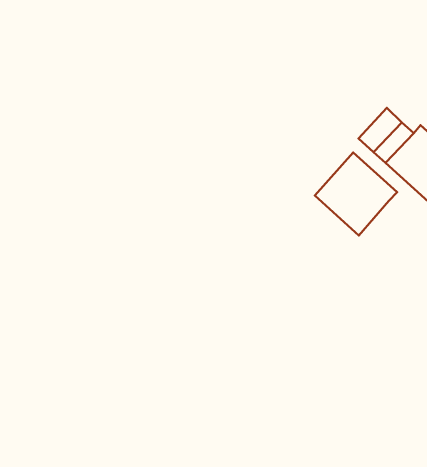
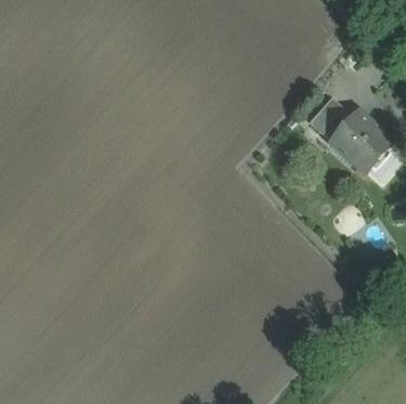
building: [315,152,397,236] -> none

